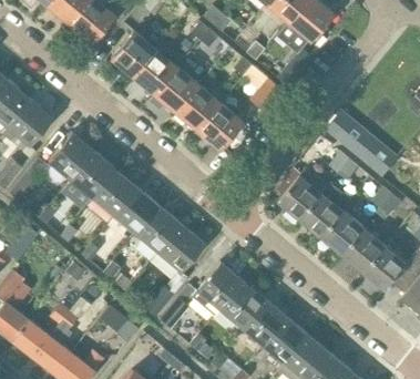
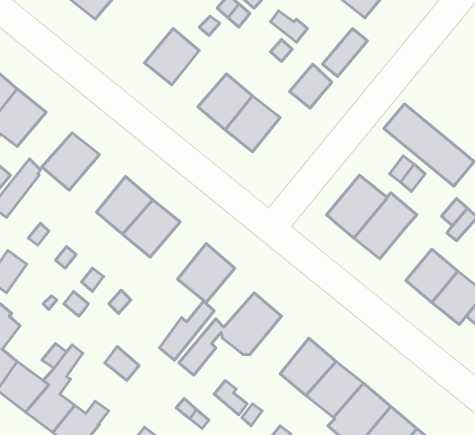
building: [110,32,155,78] -> none
building: [154,68,198,113] -> none
building: [71,152,116,198] -> none
building: [136,206,182,263] -> none
building: [322,211,365,254] -> none
building: [217,283,265,329] -> none

